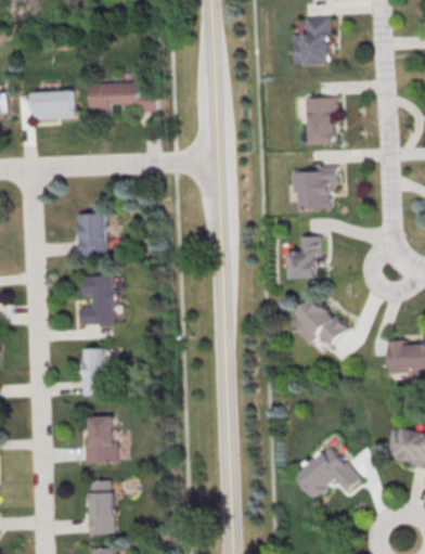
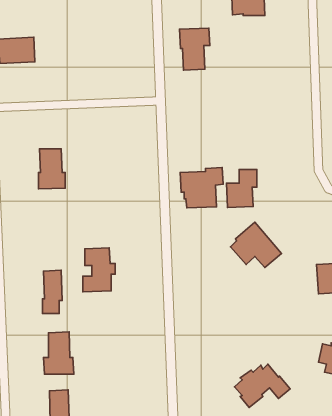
building: [87,81,158,117] -> none
building: [302,98,336,144] -> [179,28,210,70]
building: [289,166,337,210] -> [180,168,223,208]
building: [80,275,116,324] -> [83,248,115,292]

